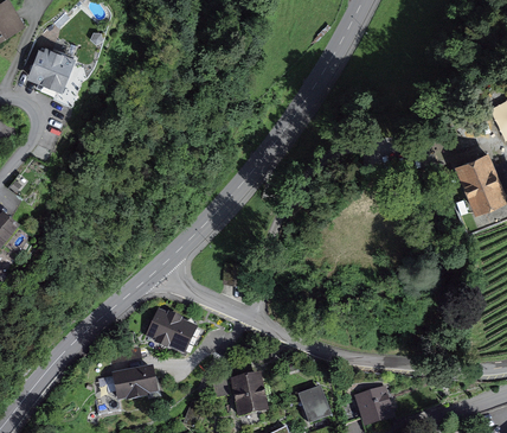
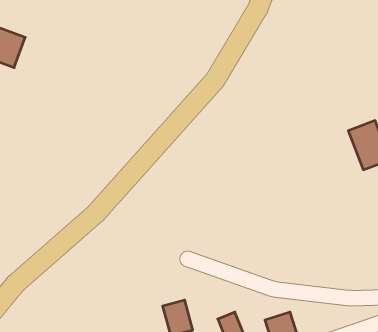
building: [142,310,194,356] -> none
building: [109,364,158,401] -> none

